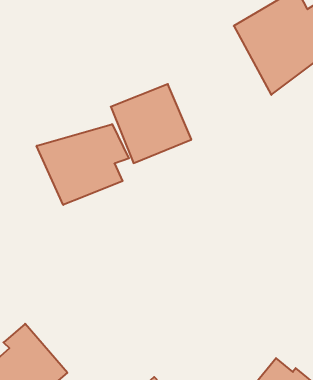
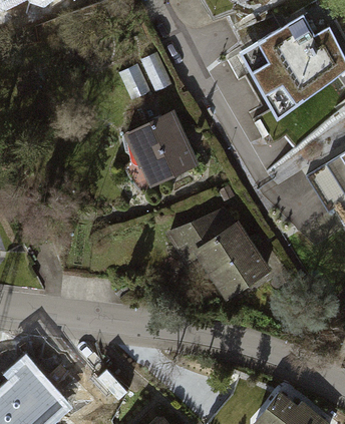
building: [37,124,129,205] -> none
building: none -> [175,211,267,295]

